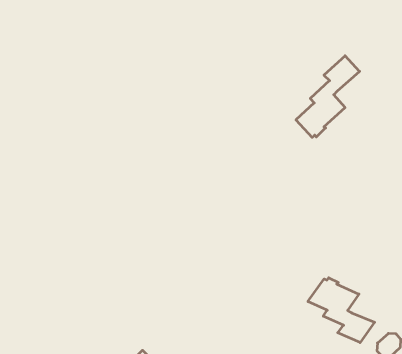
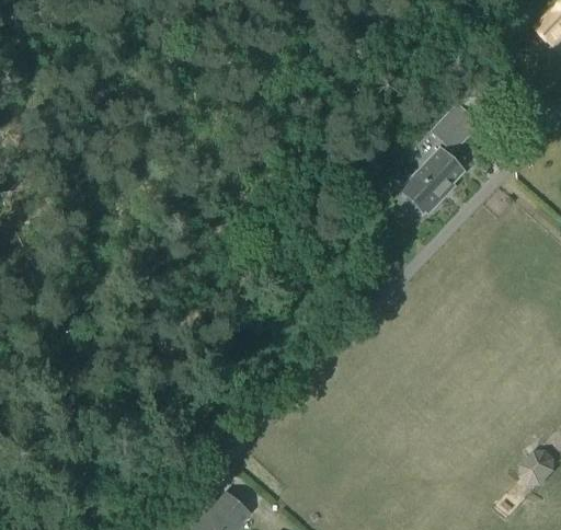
building: [308,278,375,343] -> none

